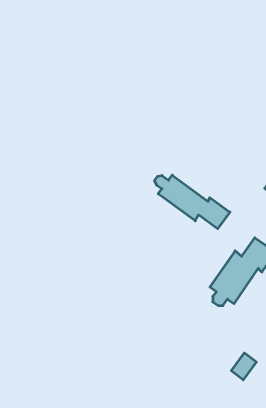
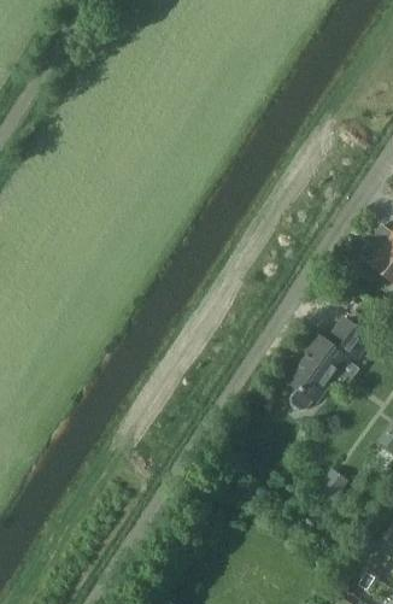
building: [155,175,230,229] -> none

